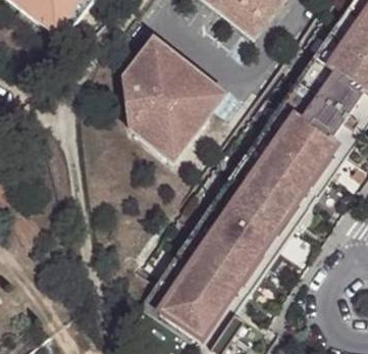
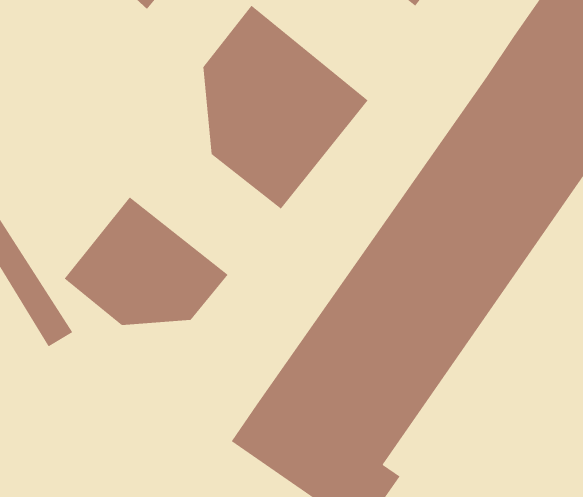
building: none -> [64,197,228,326]

